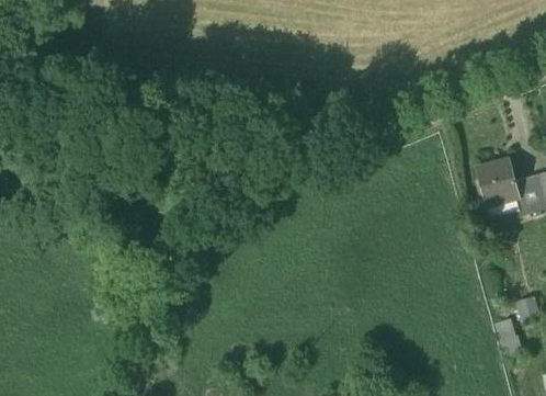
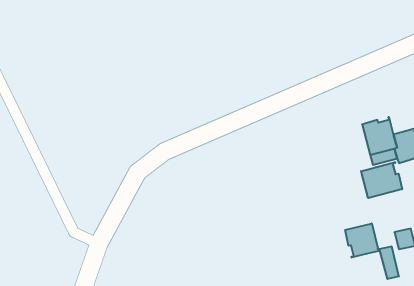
building: none -> [361,162,402,198]
building: none -> [345,223,378,258]

